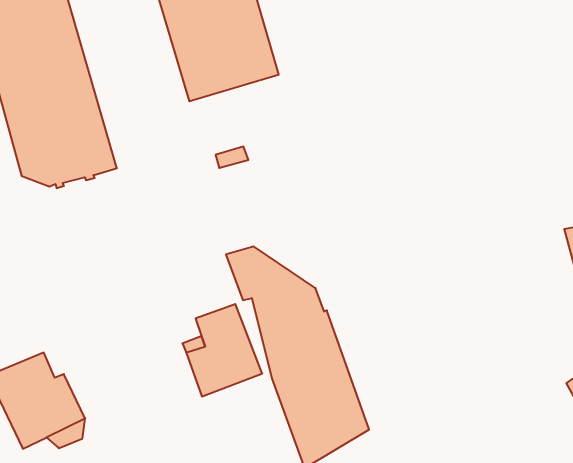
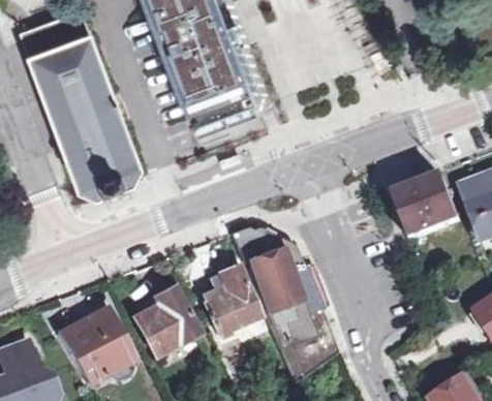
building: none -> [396,176,469,258]
building: none -> [129,287,197,359]

